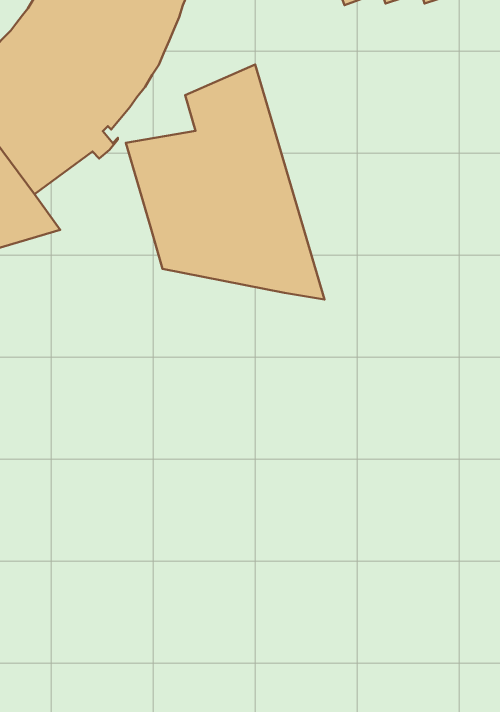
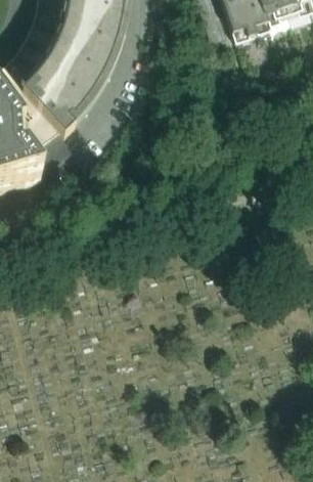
building: [126,65,324,299] -> none

